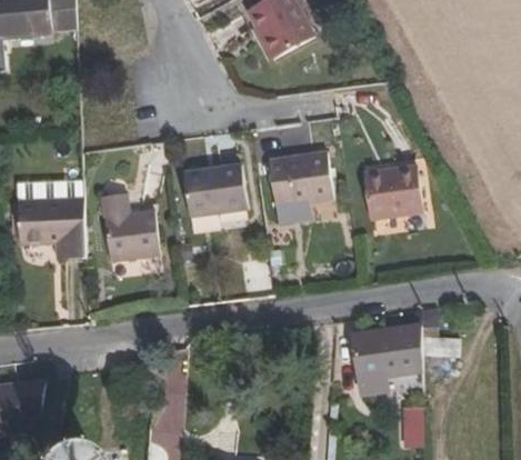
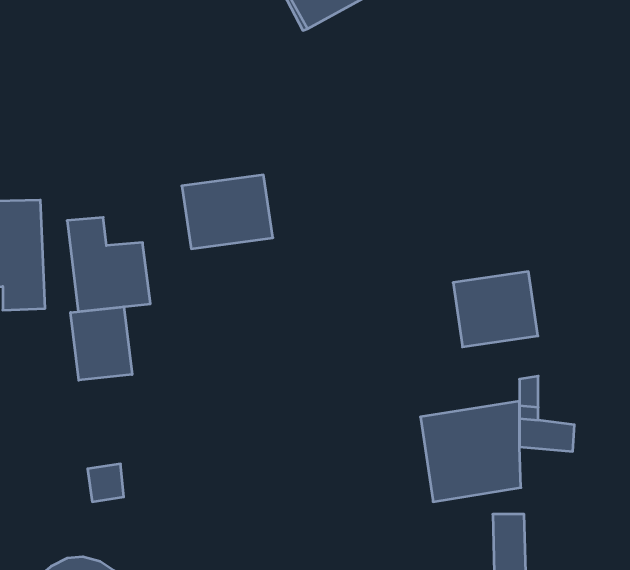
building: [267,151,332,207] -> none
building: [361,166,421,219] -> [453,272,538,347]
building: none -> [71,307,132,380]

